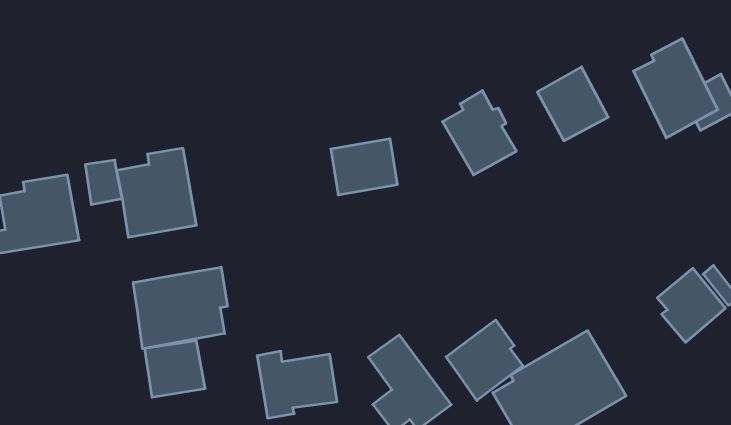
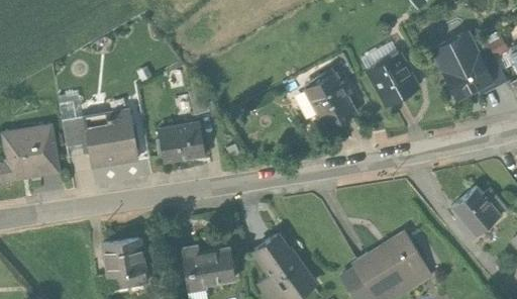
building: [331,139,397,195] -> [159,123,204,162]
building: [133,267,227,349] -> none
building: [446,320,523,401] -> none

